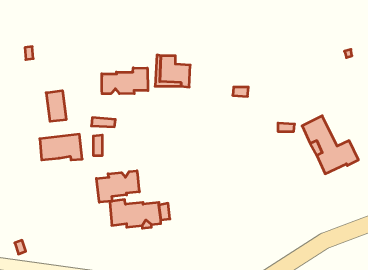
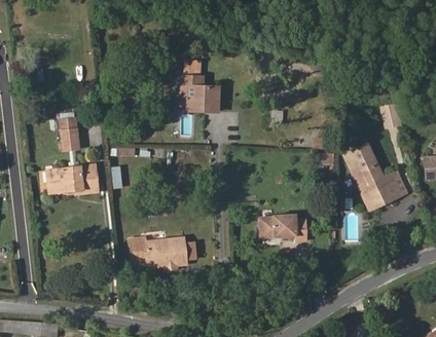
building: [102,68,148,94] -> none
building: [96,171,139,202] -> none
building: none -> [259,215,306,240]

